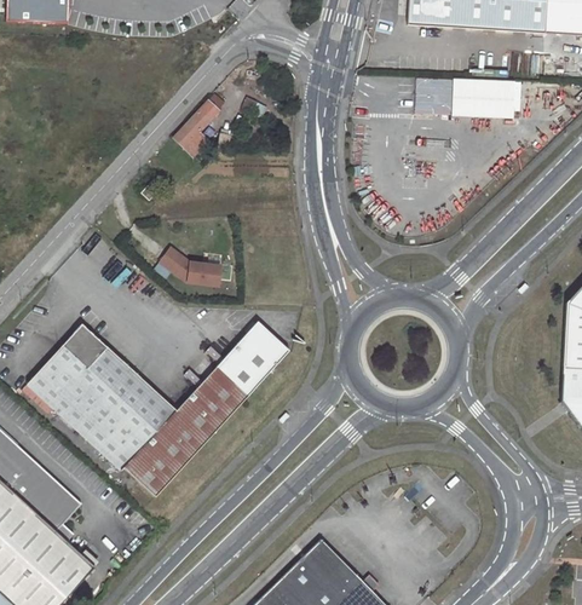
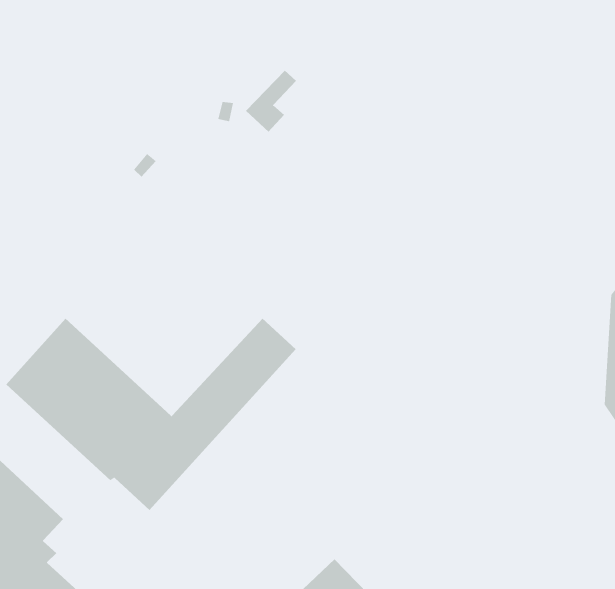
building: [415,76,522,117] -> none
building: [173,100,219,156] -> [245,70,297,133]
building: [161,248,223,287] -> none

